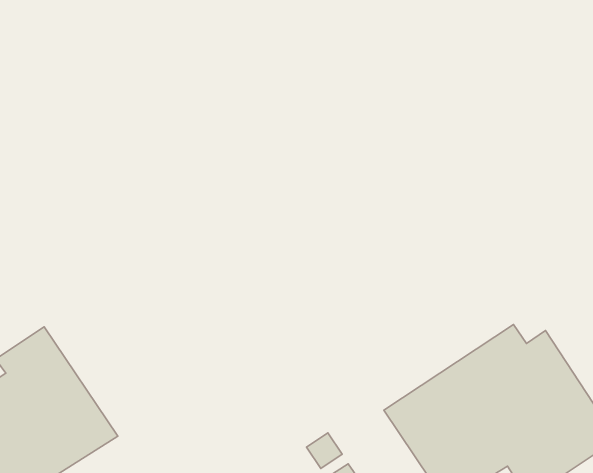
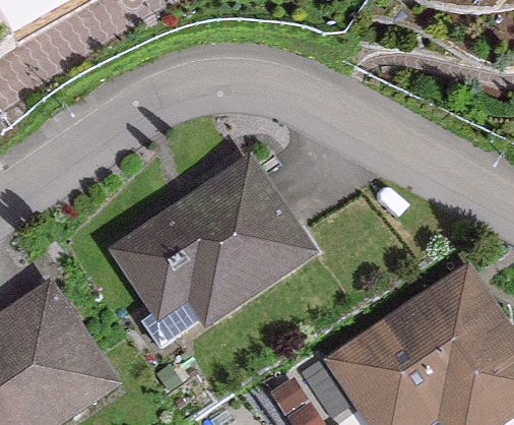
building: none -> [117,170,301,319]

